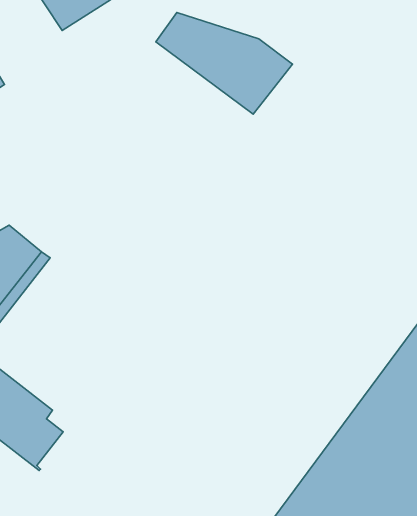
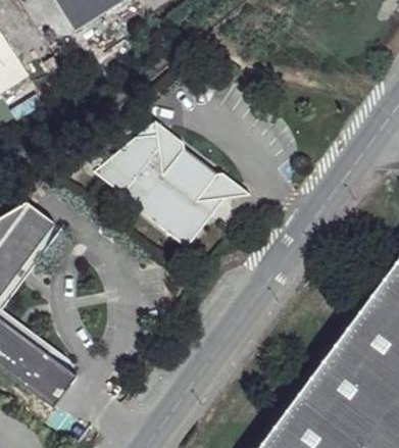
building: [156,12,293,114] -> none
building: none -> [96,125,250,252]

